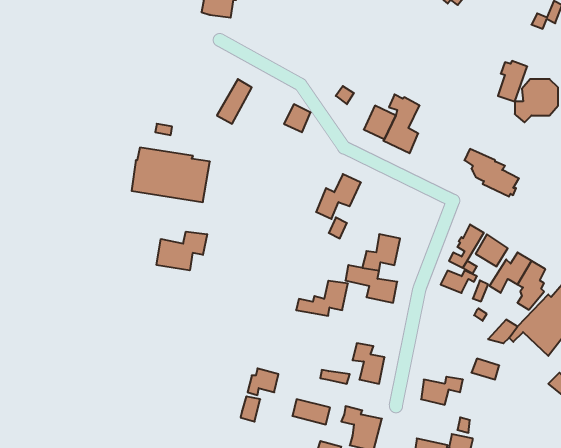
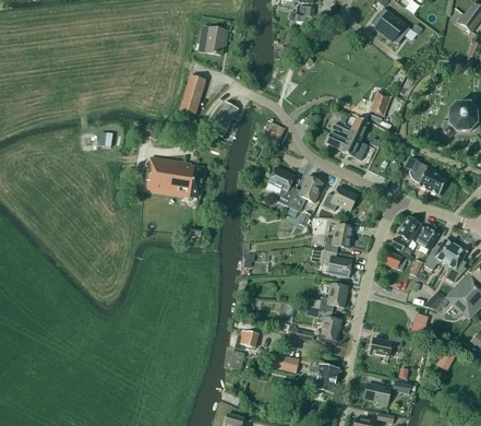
building: none -> [180,75,205,115]
building: [498,61,527,101] -> [368,91,390,122]
building: none -> [269,167,296,206]
building: none -> [322,186,358,211]
building: [157,232,207,270] -> none
building: [296,281,348,316] -> [308,284,348,311]

